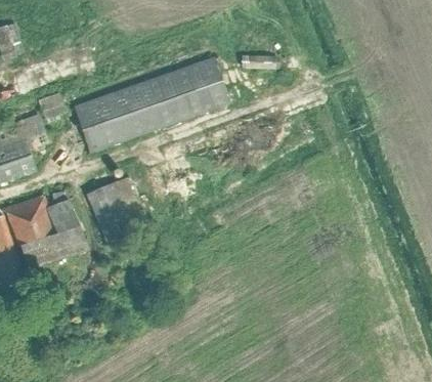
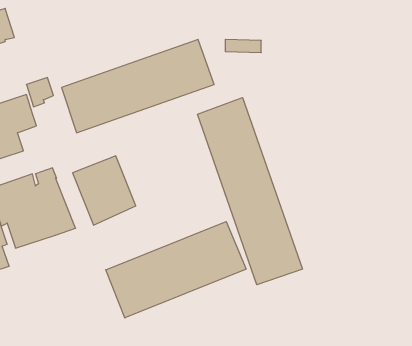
building: none -> [198,98,303,285]
building: none -> [106,222,246,318]

